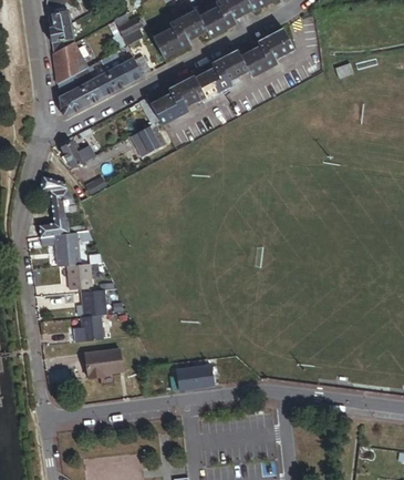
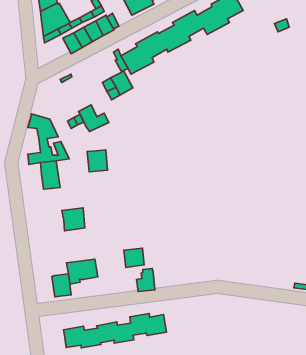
building: [59,85,90,115] -> none
building: [58,136,94,168] -> [78,105,109,132]
building: [65,264,90,290] -> [87,150,108,172]
building: [79,315,102,343] -> [52,274,71,297]
building: [188,365,213,388] -> [124,248,144,268]
building: none -> [63,314,166,348]

